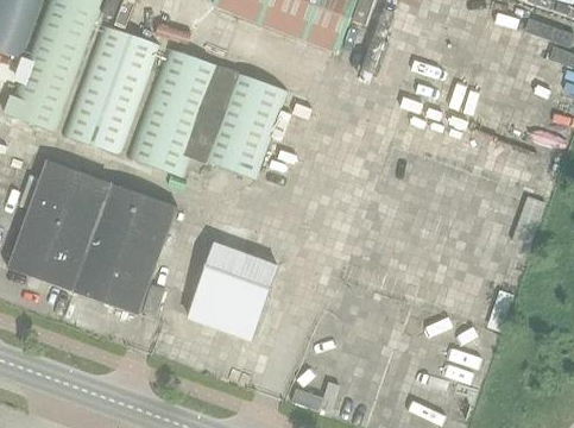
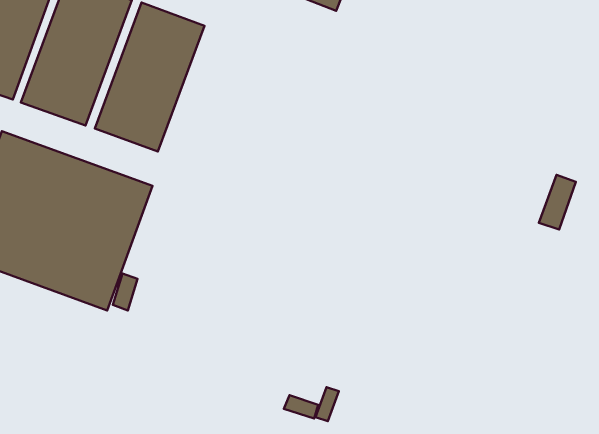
building: [190,68,286,178] -> none
building: [187,243,278,341] -> none

